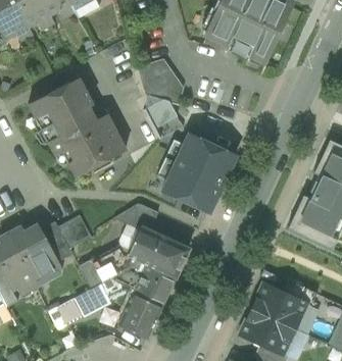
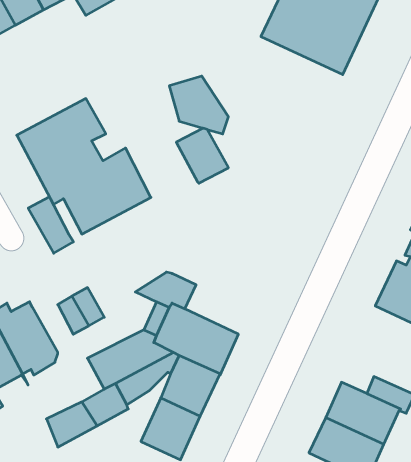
building: [163,135,234,210] -> none
building: [40,221,72,262] -> [28,197,73,253]

